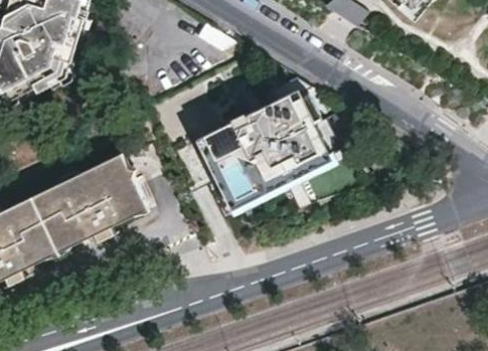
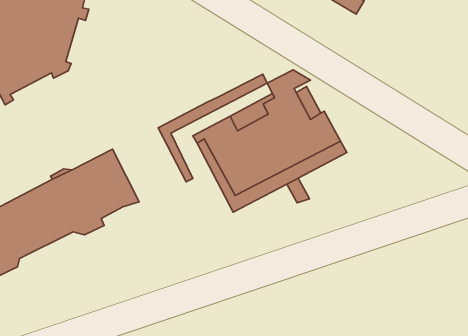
building: none -> [158,74,267,182]

